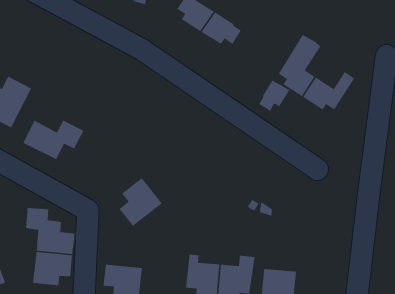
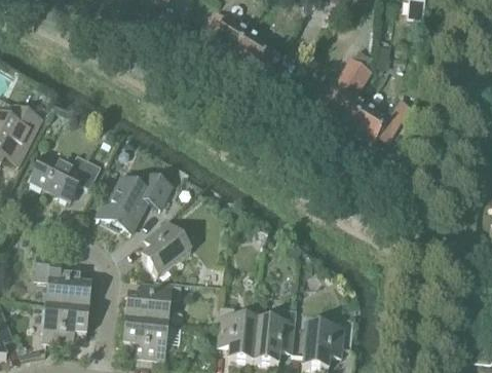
building: [258,79,291,112] -> none
building: none -> [98,173,173,232]
building: none -> [126,283,181,323]

